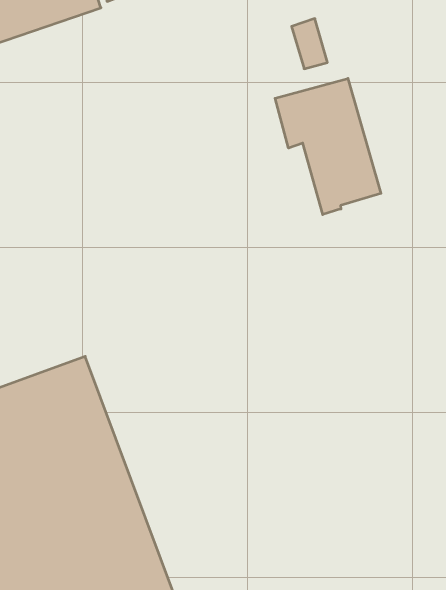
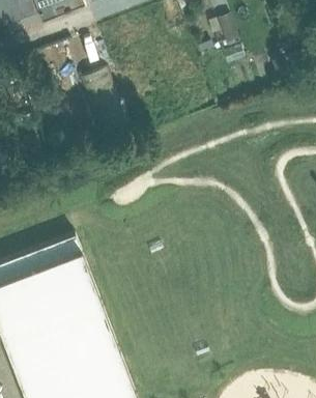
building: [275,78,381,215] -> none

